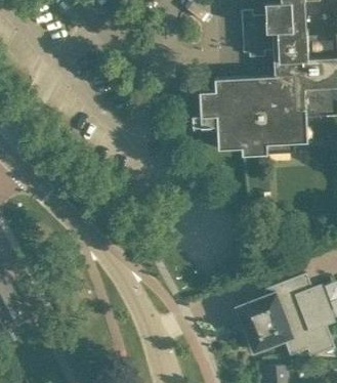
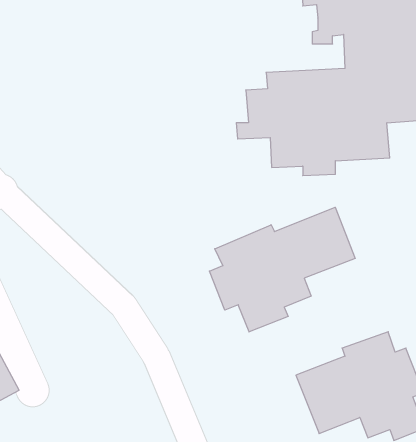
building: none -> [209,207,355,332]

